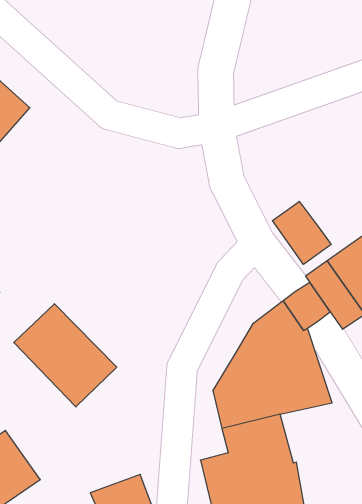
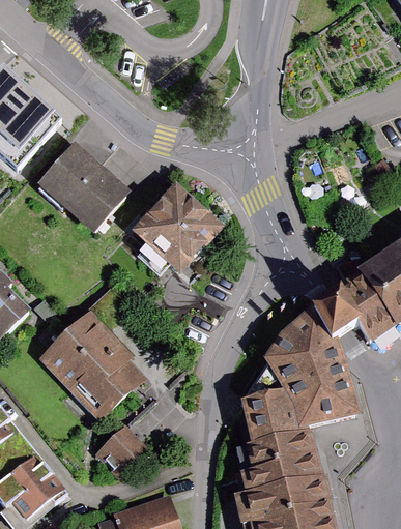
building: none -> [41,146,133,232]
building: none -> [136,184,230,275]
building: [272,201,331,264] -> none
building: none -> [95,422,151,477]

